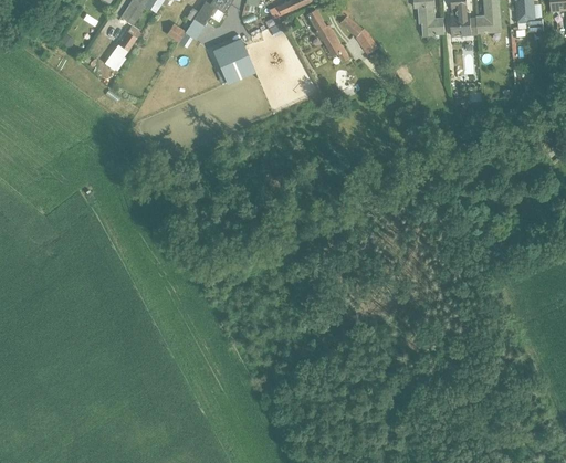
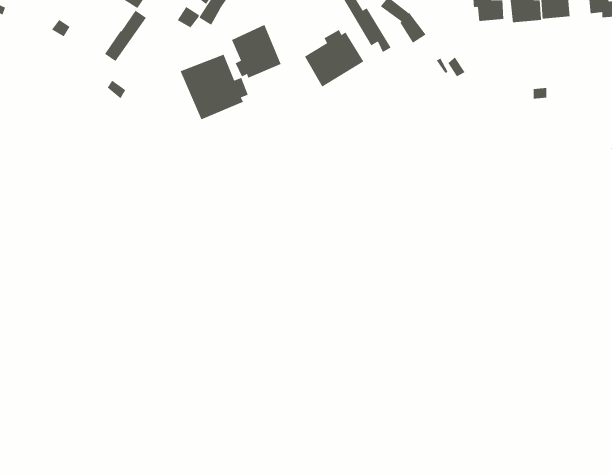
building: none -> [304,29,364,88]
building: none -> [180,54,248,120]

